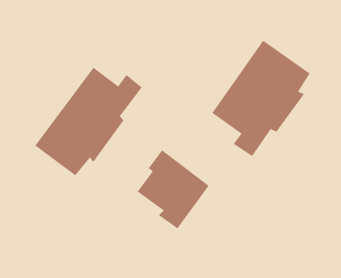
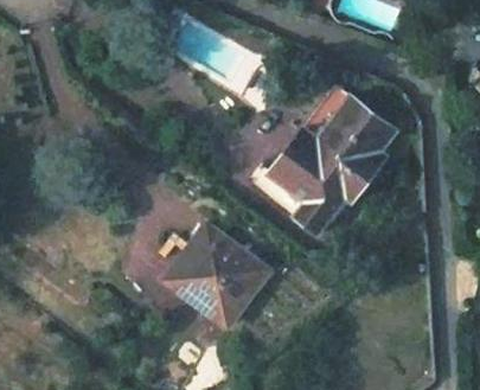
building: [35,67,143,176] -> none

